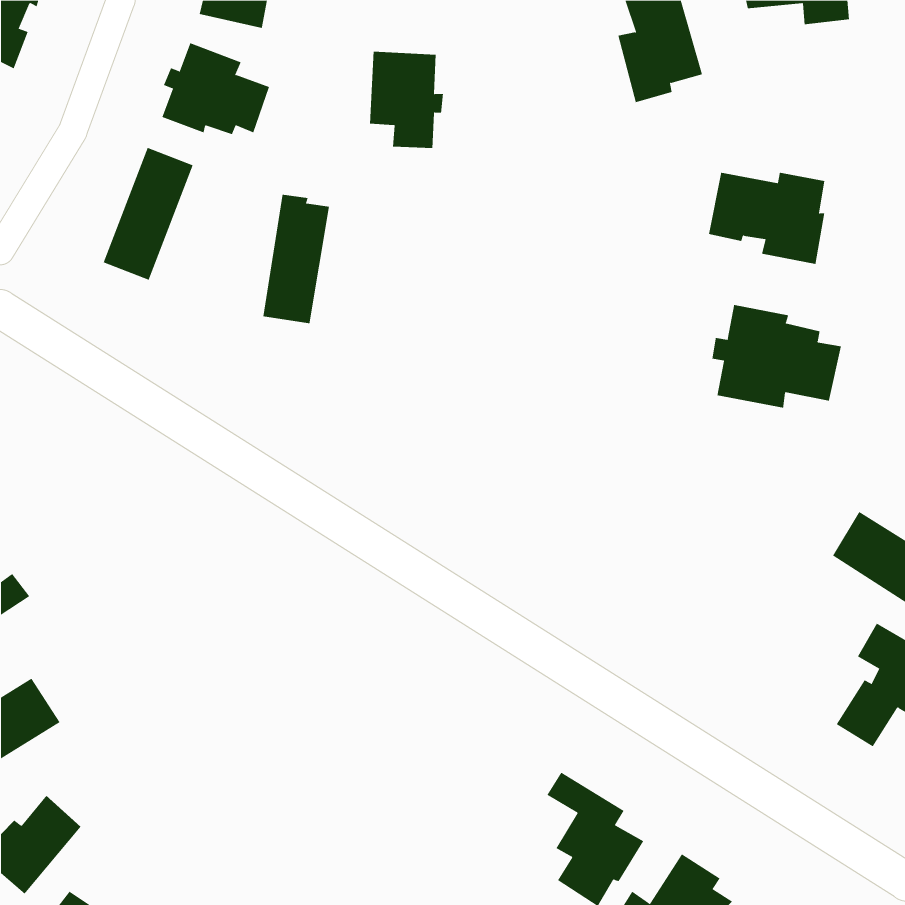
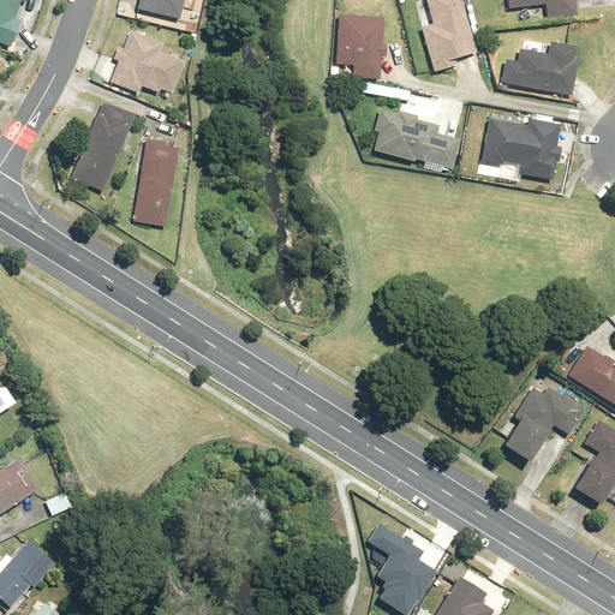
building: [369,51,444,149] -> [336,14,387,80]
building: none -> [500,41,579,95]
building: none -> [371,107,461,168]
building: [262,194,330,324] -> [132,138,178,226]
building: [712,304,841,409] -> none
building: none -> [496,388,580,465]

